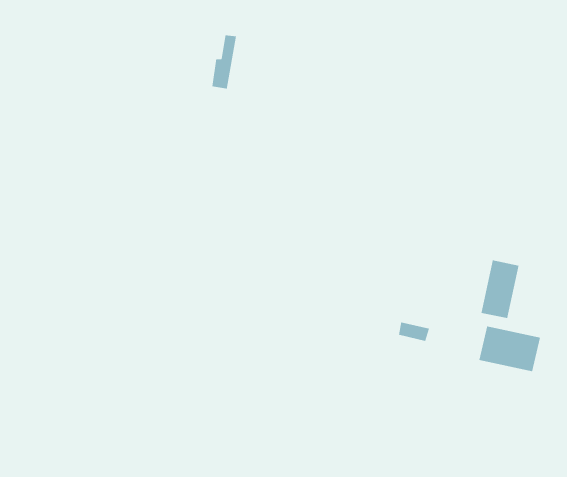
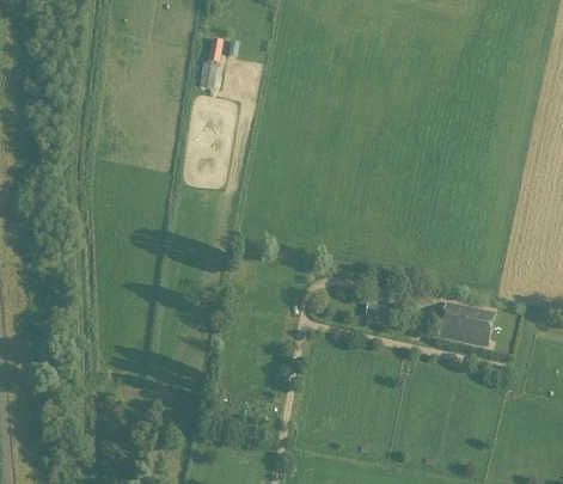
building: [481,260,519,319] -> none

